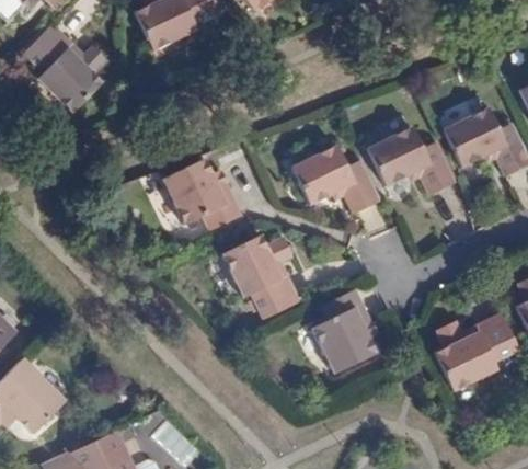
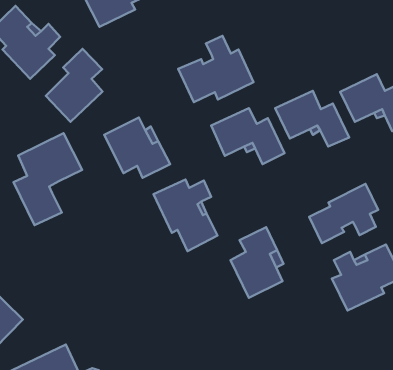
building: none -> [178,36,253,102]
building: none -> [46,49,103,122]
building: none -> [14,133,82,225]
building: none -> [309,184,378,243]

